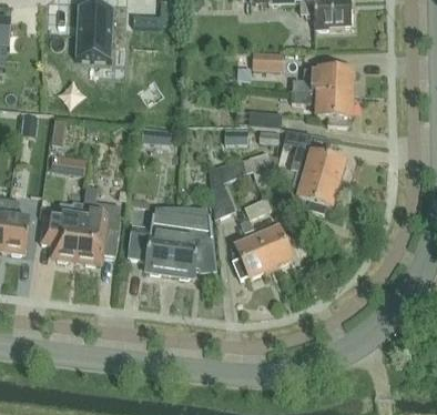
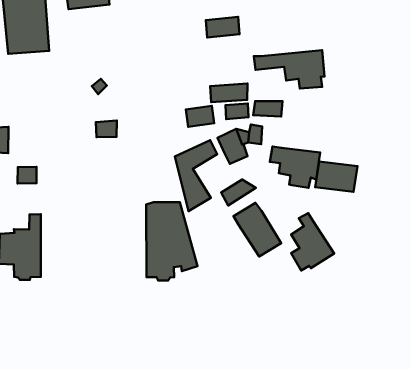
building: [291,68,353,93] -> none
building: [304,152,344,183] -> [315,162,358,192]
building: [75,186,120,264] -> none
building: [128,208,177,273] -> none
building: [233,229,271,279] -> [291,213,334,271]

